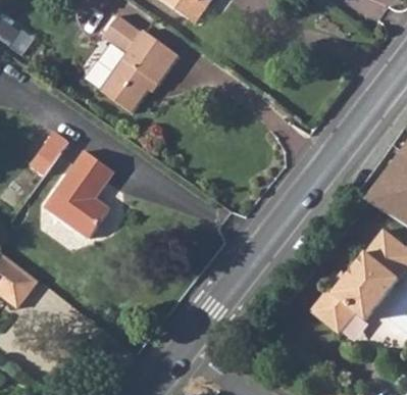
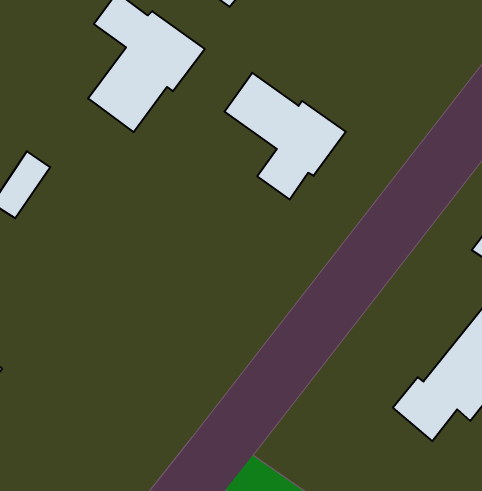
building: none -> [224,73,346,200]
building: [45,149,115,239] -> none

